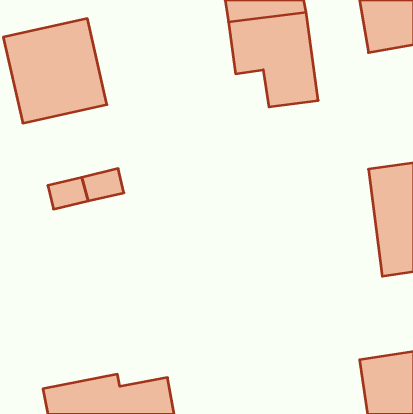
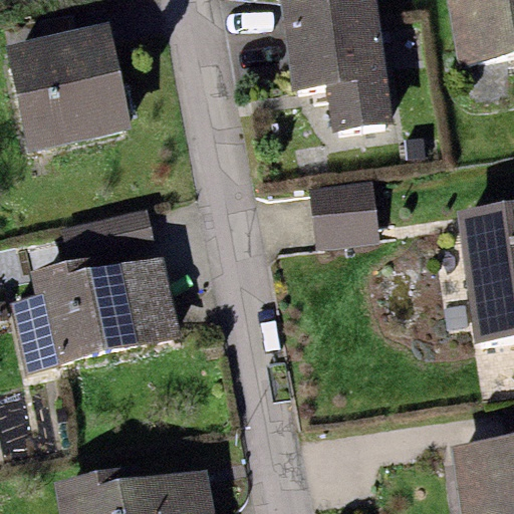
building: none -> [309,182,379,253]
building: none -> [11,255,183,373]

